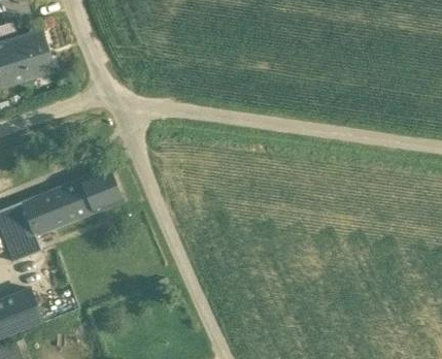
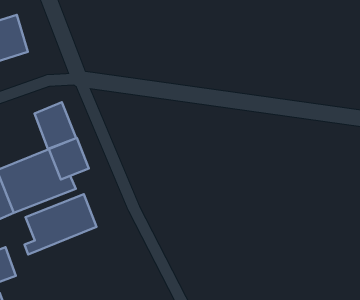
building: none -> [34,102,76,149]
building: none -> [25,194,96,255]

